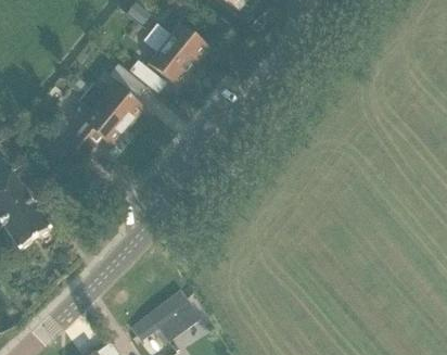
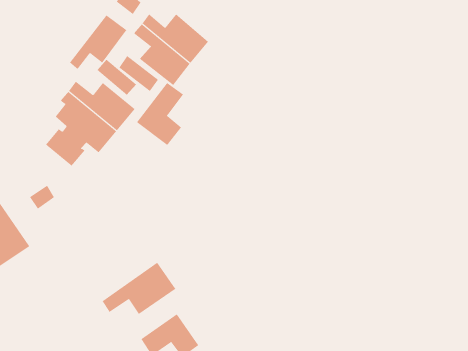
building: none -> [69,14,127,70]
building: none -> [136,82,184,146]
building: none -> [102,262,176,315]

